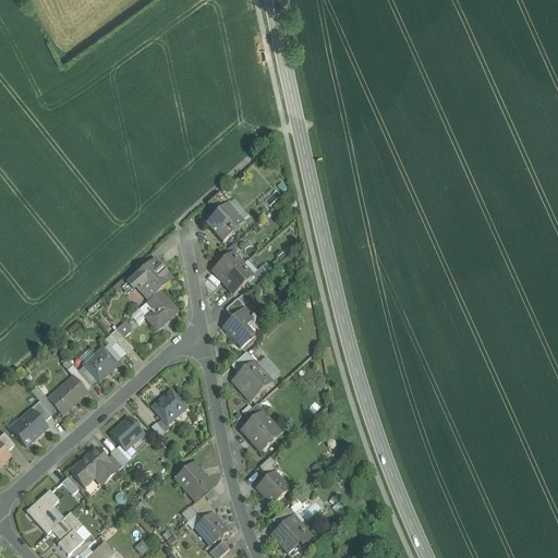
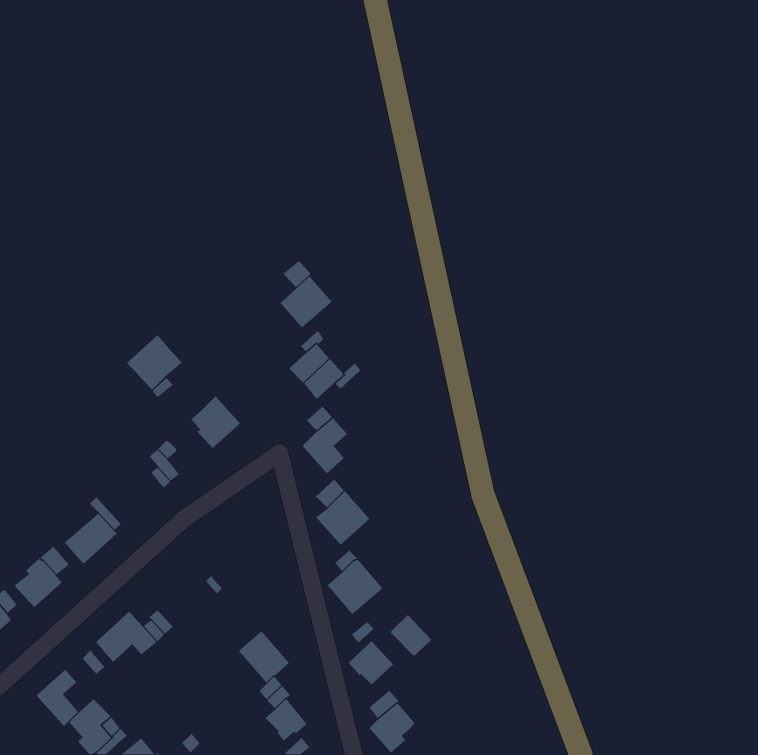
building: [130,258,171,300] -> [126,335,183,391]
building: [83,347,117,380] -> none
building: [151,389,185,424] -> none
building: [110,418,141,449] -> none
building: none -> [389,614,432,657]

